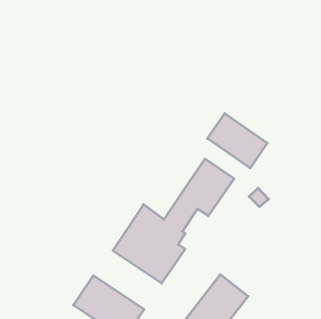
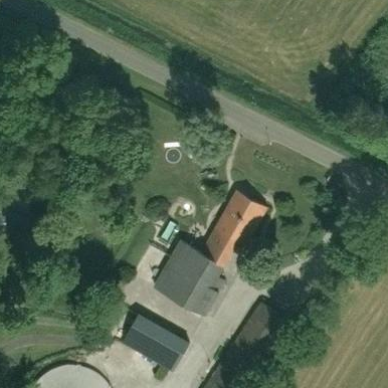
building: [207,113,267,168] -> none

